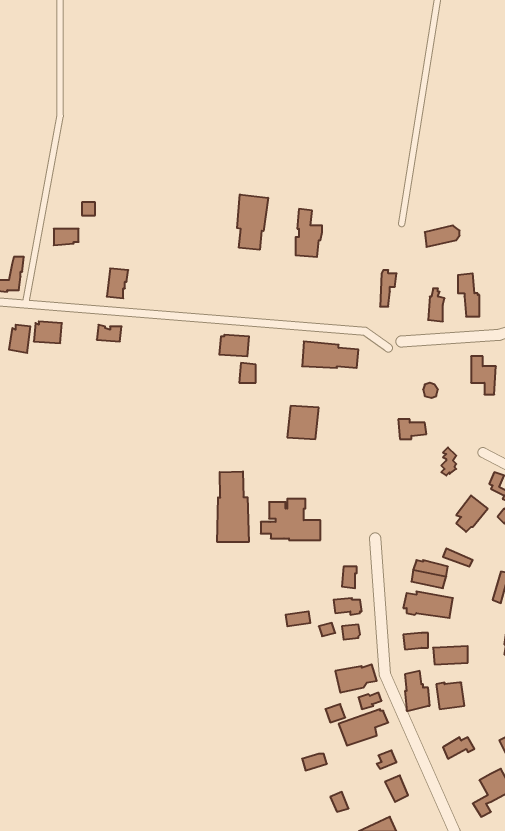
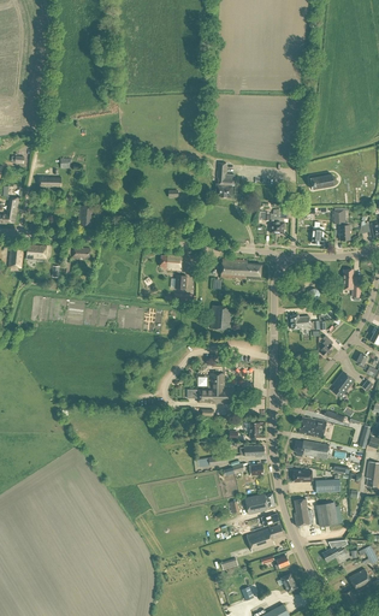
building: [237,194,268,250] -> none
building: [217,471,249,542] -> none

